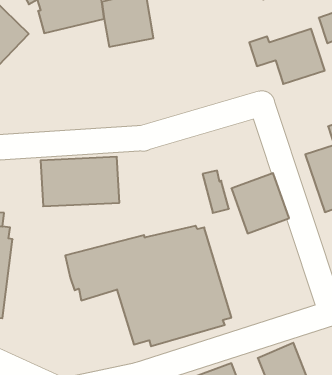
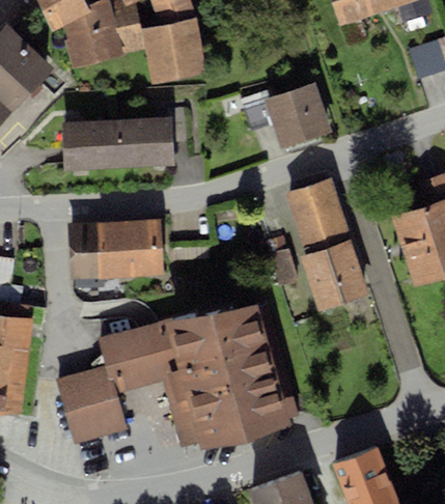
building: [249,29,325,84] -> [239,83,331,150]
building: none -> [61,117,173,172]
building: none -> [285,177,352,255]
building: none -> [55,366,128,445]

